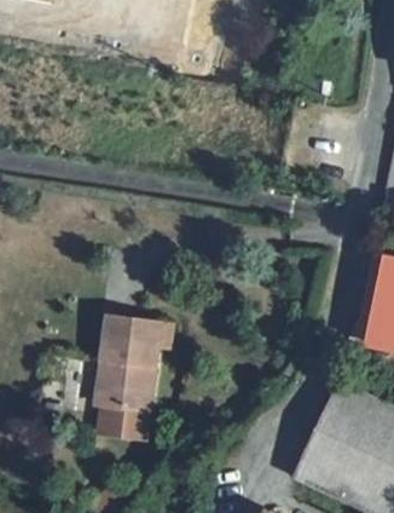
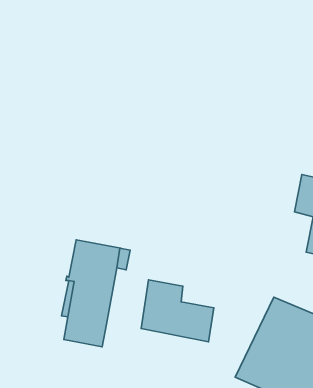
building: none -> [141,280,214,342]

